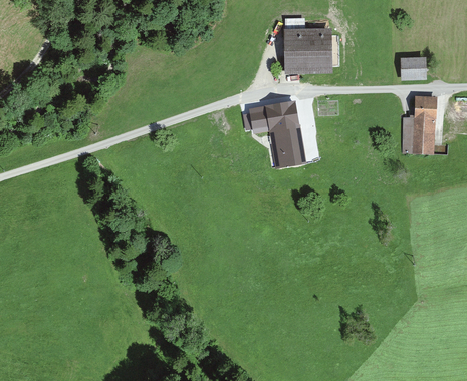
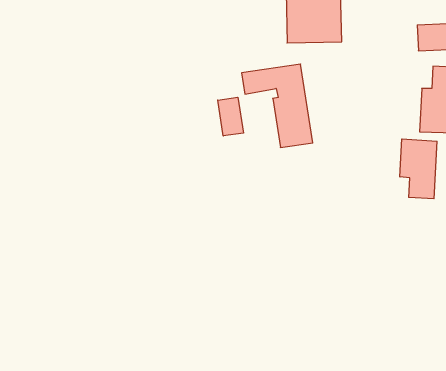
building: none -> [218,97,243,136]
building: none -> [400,139,437,199]

